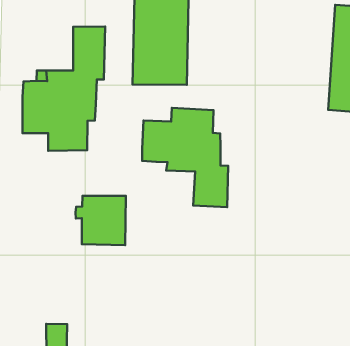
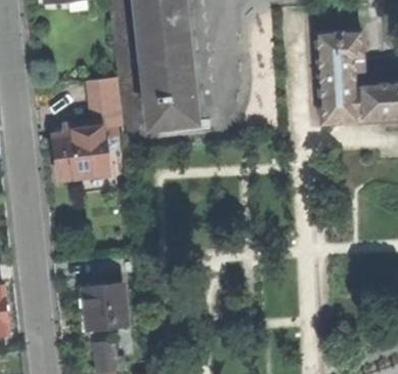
building: [142,108,228,207] -> none
building: [75,196,126,245] -> [80,282,127,329]

